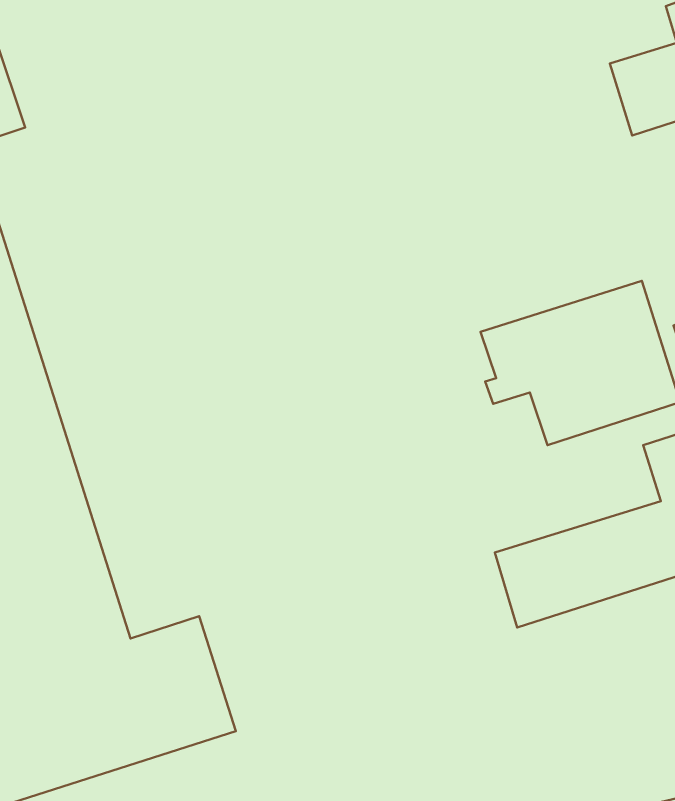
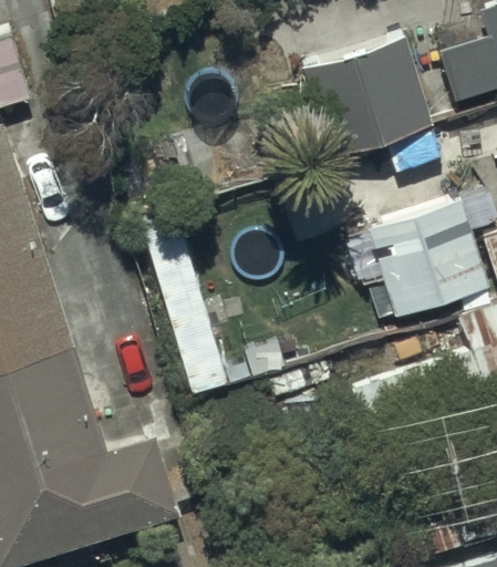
building: none -> [308,39,434,156]

